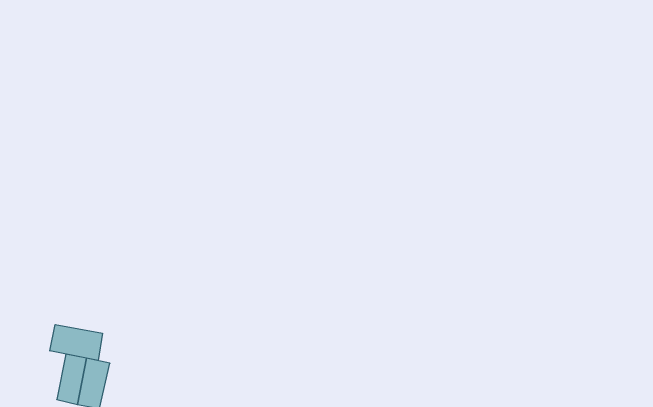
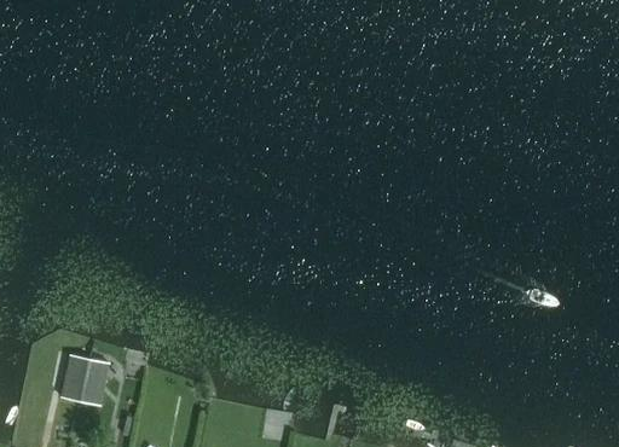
building: [50,325,102,360] -> none

